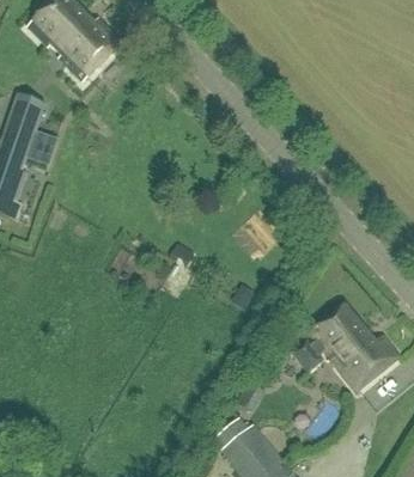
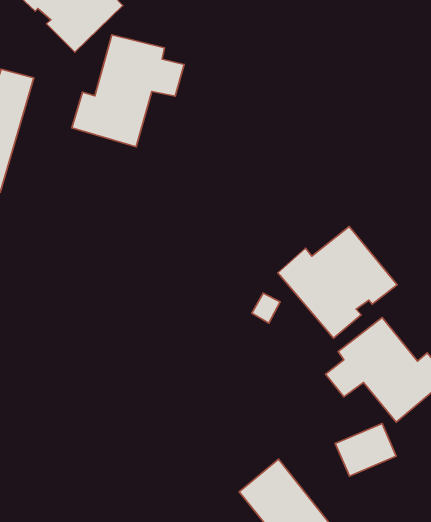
building: none -> [72,35,184,147]
building: none -> [278,226,397,338]

